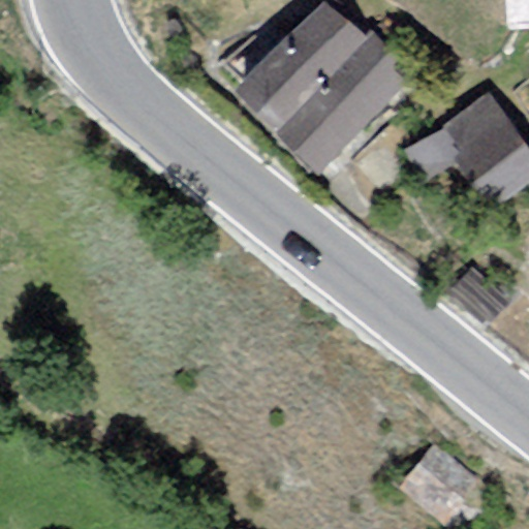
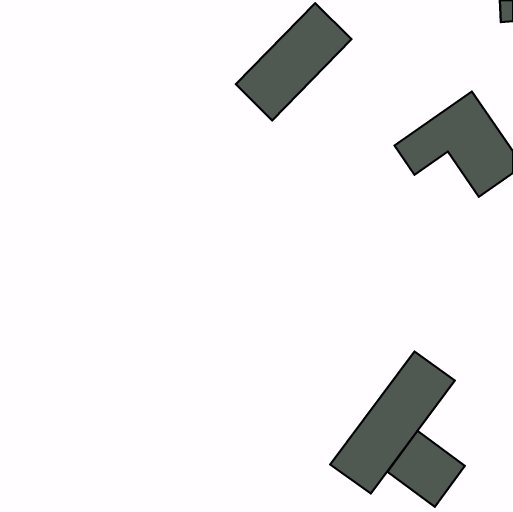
building: [280,29,412,164] -> none
building: none -> [330,351,455,494]

